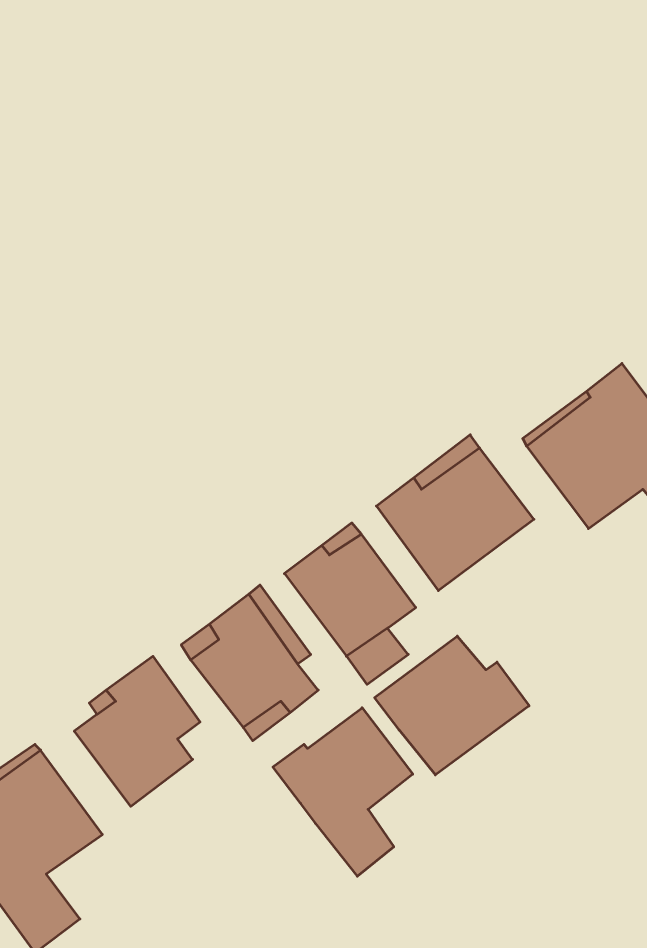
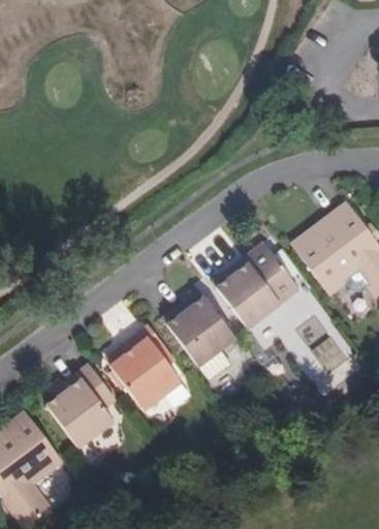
building: [375,636,529,775] -> none
building: [273,708,413,876] -> none

